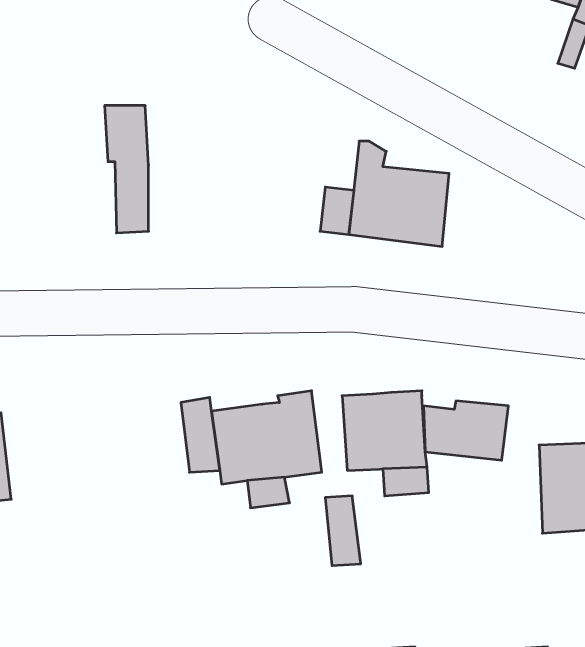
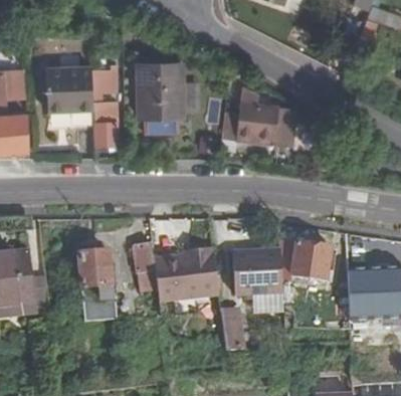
building: none -> [139,64,182,127]
building: none -> [45,66,94,128]
building: none -> [82,252,112,299]

